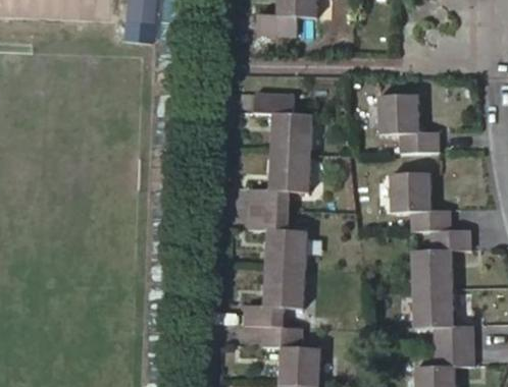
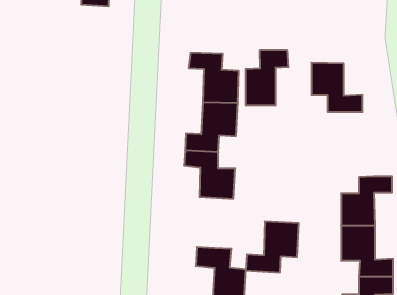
building: none -> [246,50,288,106]
building: [401,184,461,238] -> none
building: [242,261,302,319] -> [246,221,299,272]

